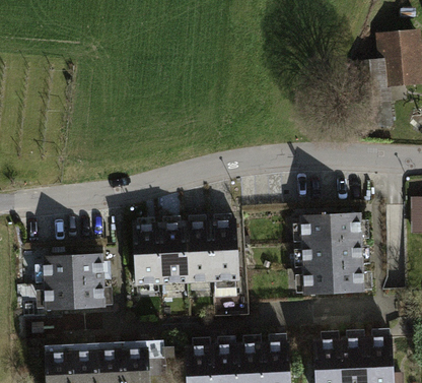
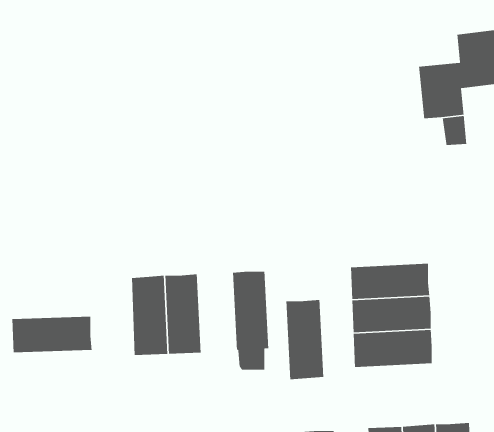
building: [185,222,214,284] -> [286,299,324,380]
building: [44,282,106,311] -> none

